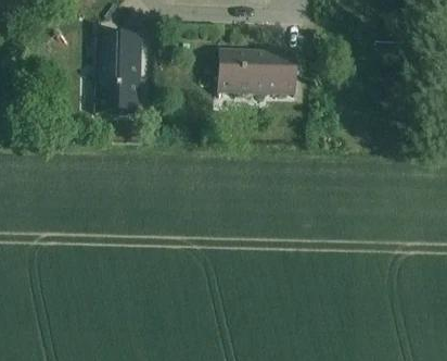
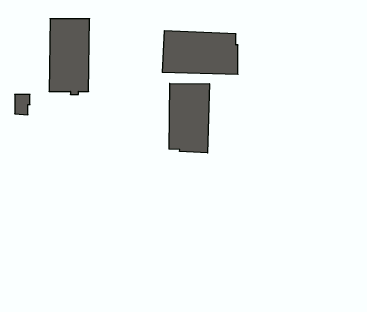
building: none -> [169,83,209,153]

